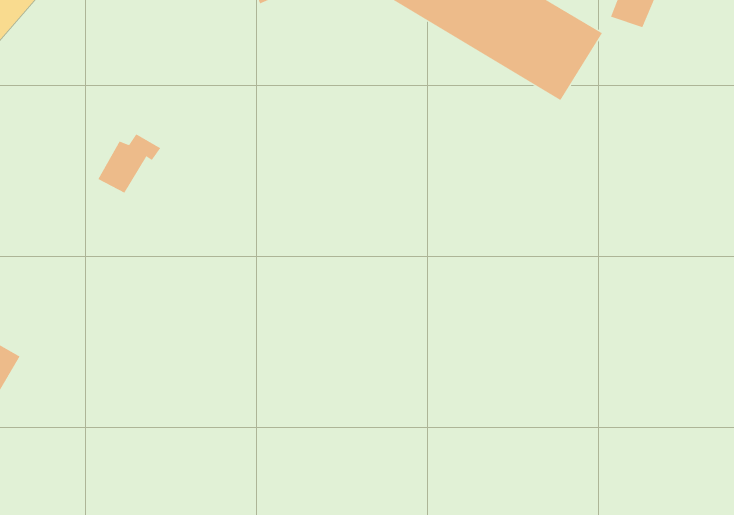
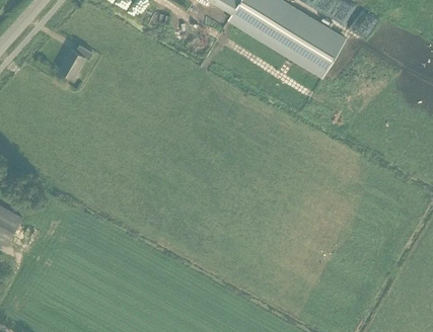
building: [97,133,161,194] -> [58,45,93,78]

